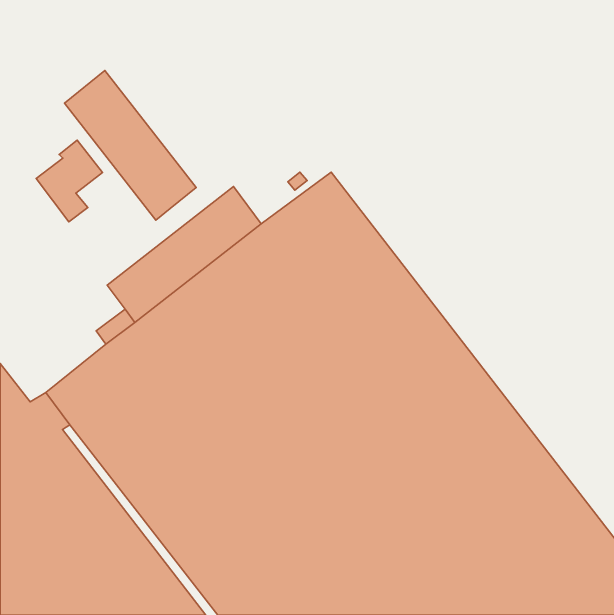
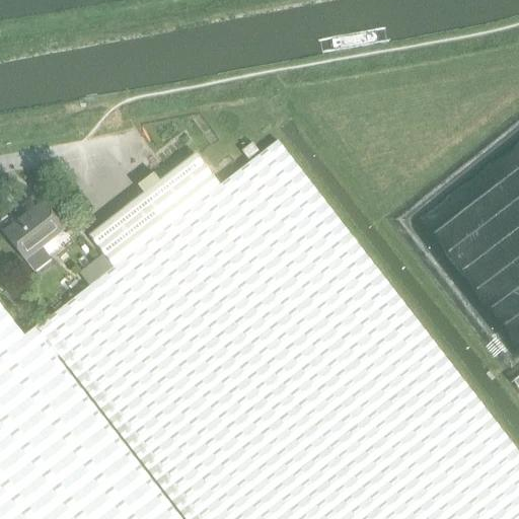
building: [65,70,196,220] -> none
building: [36,140,102,222] -> [9,206,65,275]

